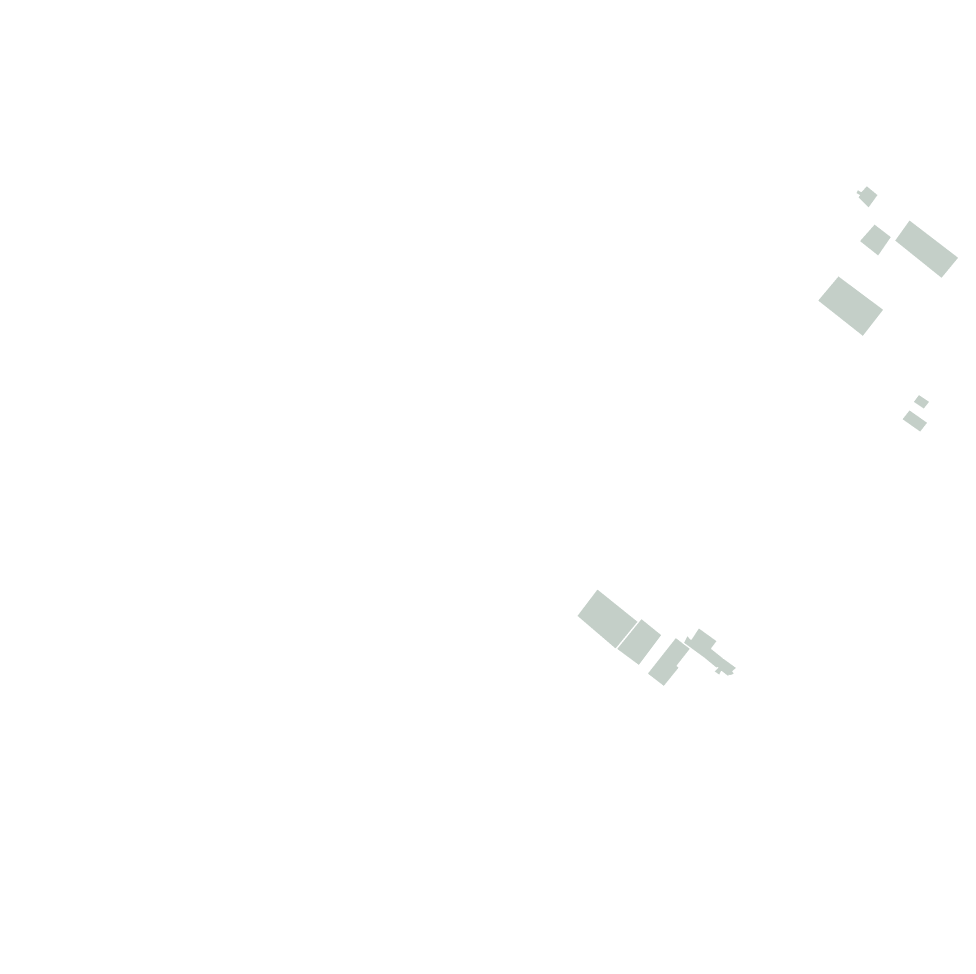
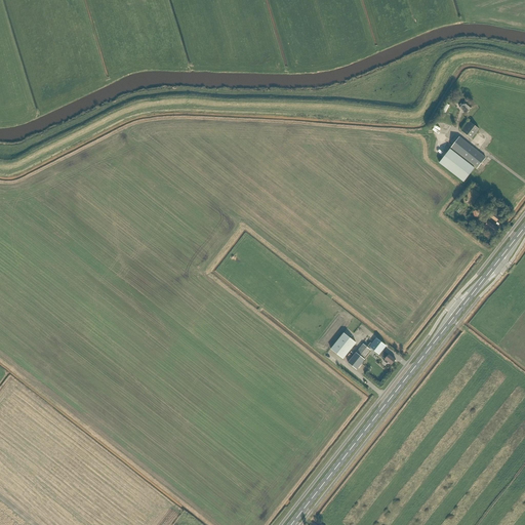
building: [894,220,959,279] -> [450,135,485,167]
building: [577,589,638,649] -> none

